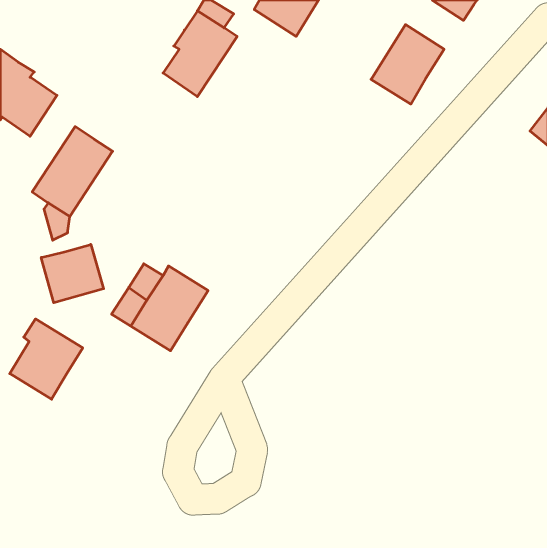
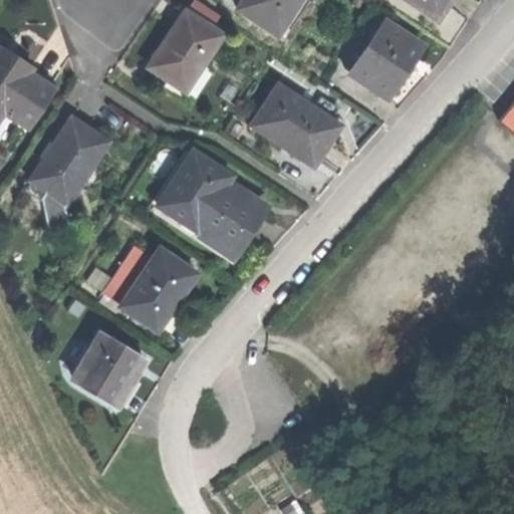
building: none -> [250,83,339,158]
building: none -> [158,151,264,250]
building: [41,244,104,303] -> none
building: [10,319,83,399] -> [77,332,146,408]

